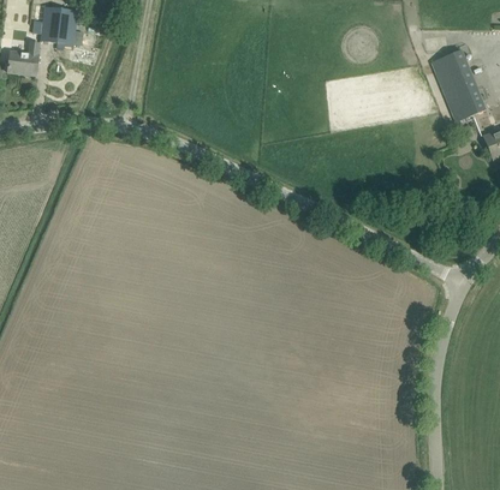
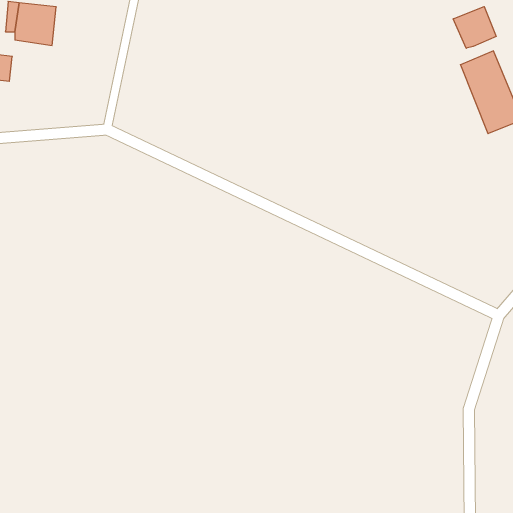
building: none -> [453,7,496,48]

